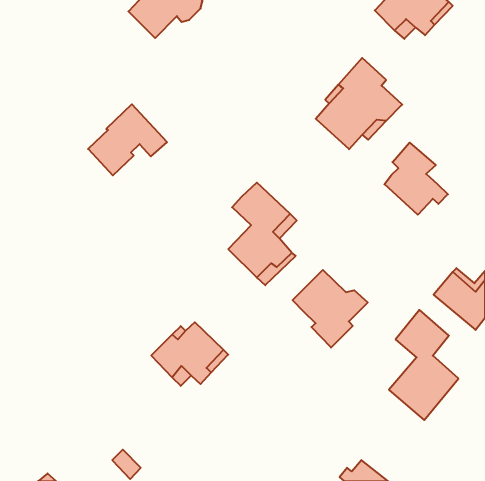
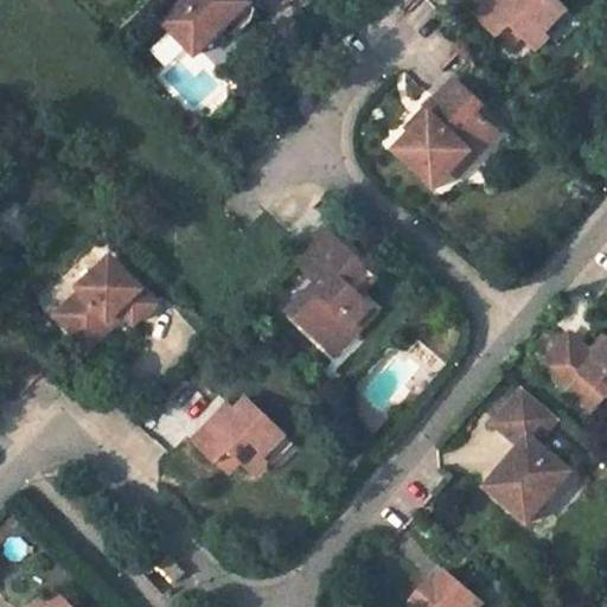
building: [88,104,167,175] -> [53,255,152,344]
building: [384,143,448,215] -> none
building: [293,270,368,348] -> none

